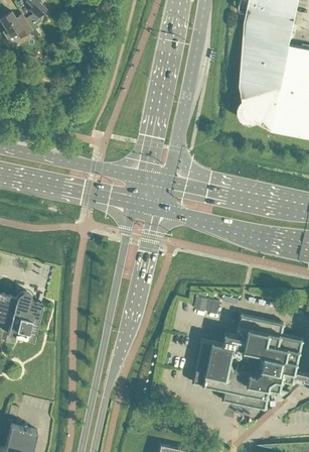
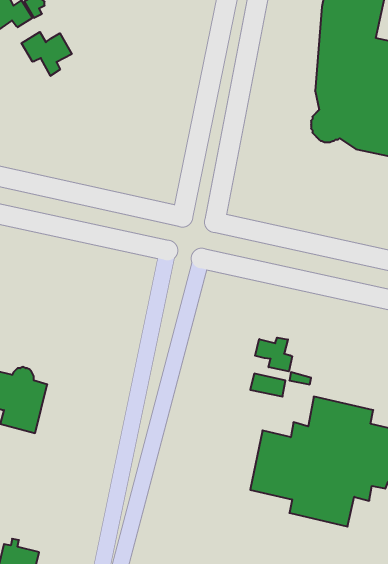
building: none -> [21,32,72,76]
building: none -> [255,338,292,371]

